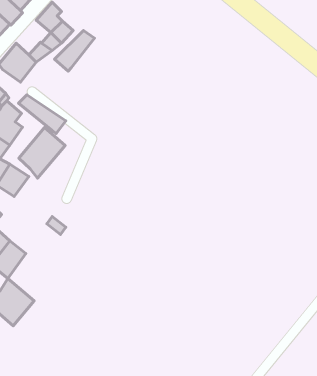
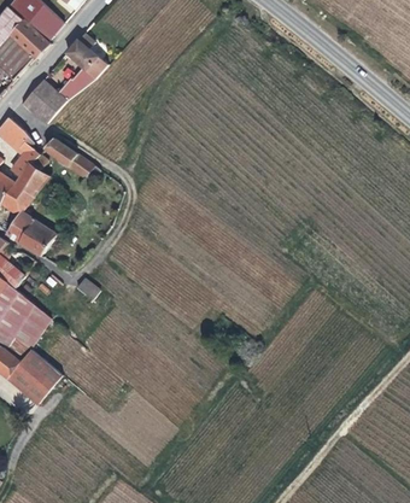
building: [55,30,95,71] -> none
building: [19,128,65,178] -> none

